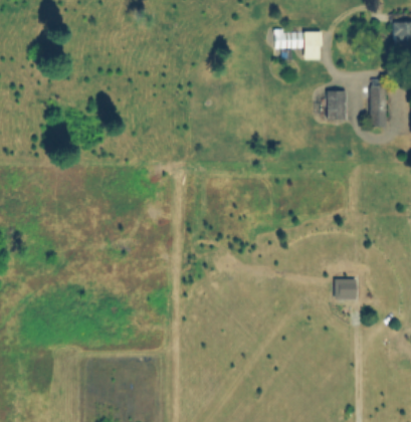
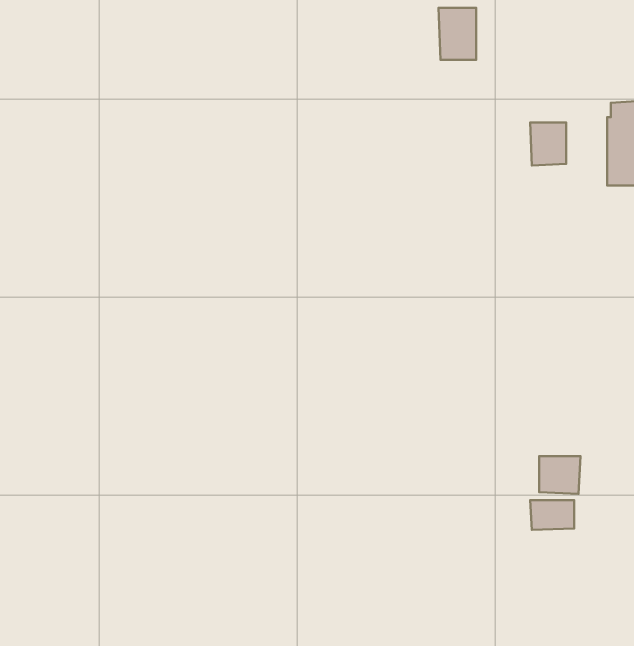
building: [303,32,322,60] -> none
building: none -> [530,500,574,530]

